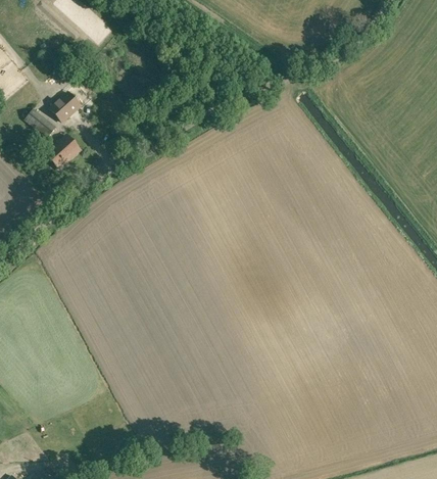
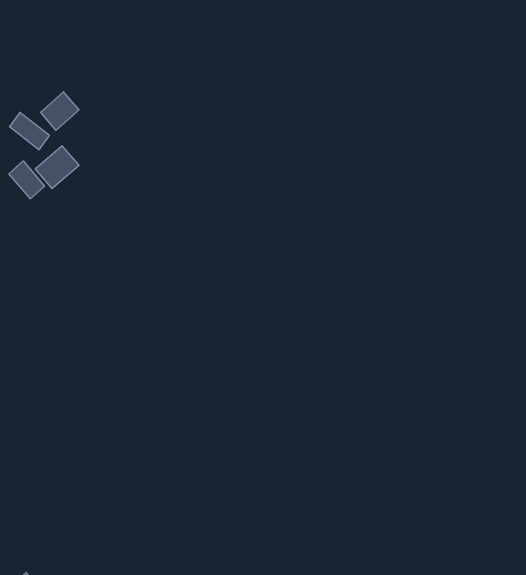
building: none -> [9,161,45,199]

